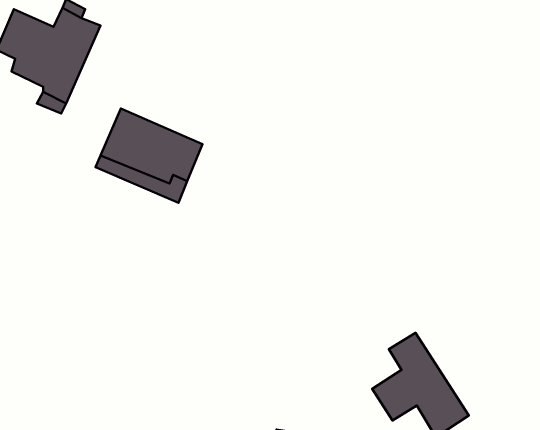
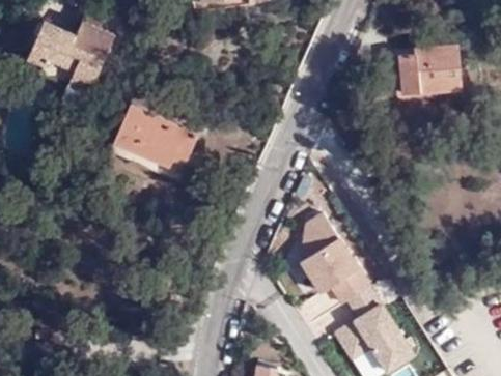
building: none -> [399,44,461,92]
building: none -> [301,213,369,303]

